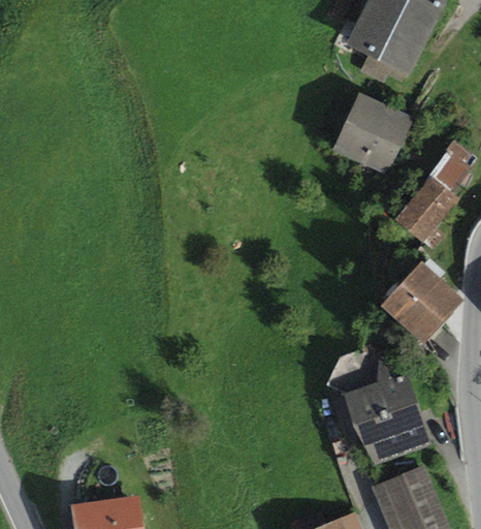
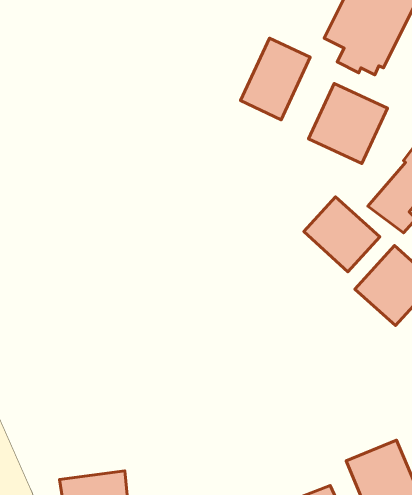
building: none -> [241,38,310,120]
building: none -> [304,197,380,272]
building: [326,345,431,466] -> none

